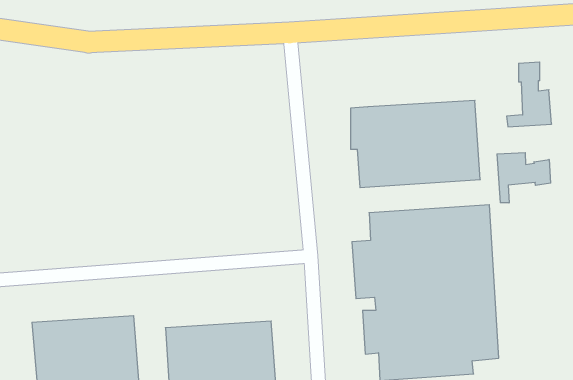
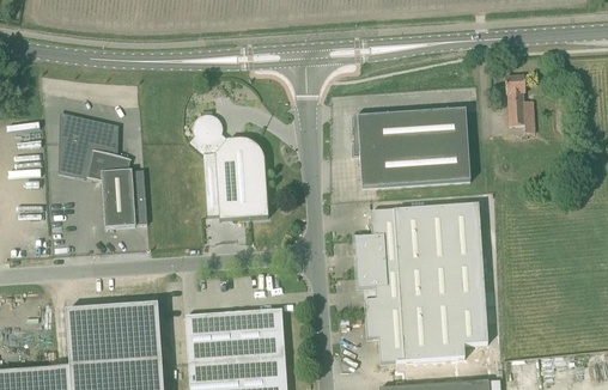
building: none -> [188,112,268,218]
building: none -> [59,114,135,226]
building: [497,153,551,203] -> none

